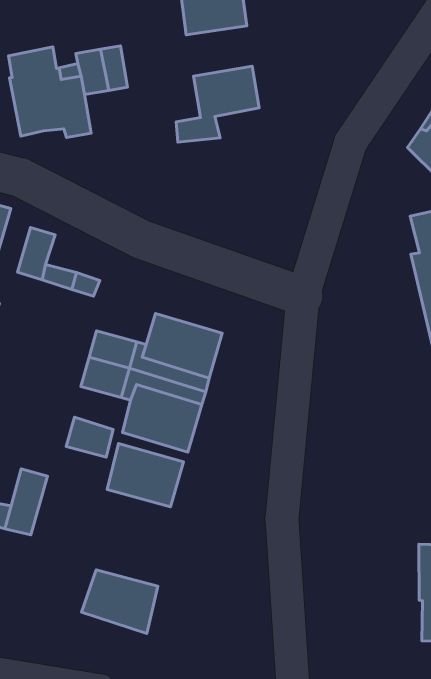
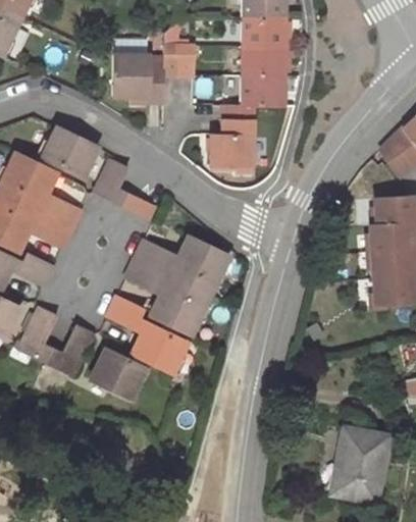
building: none -> [242,46,284,75]
building: none -> [212,119,253,169]
building: [81,570,158,634] -> [91,350,147,400]

